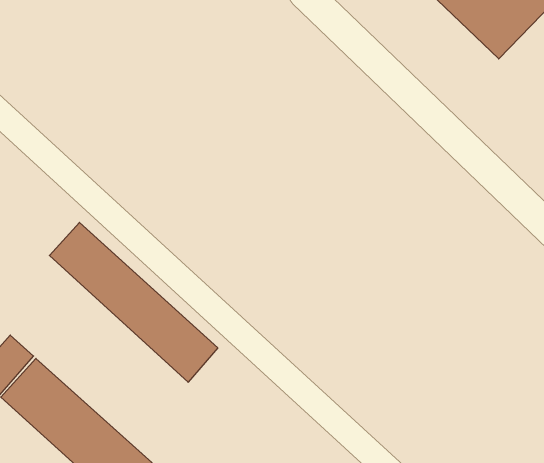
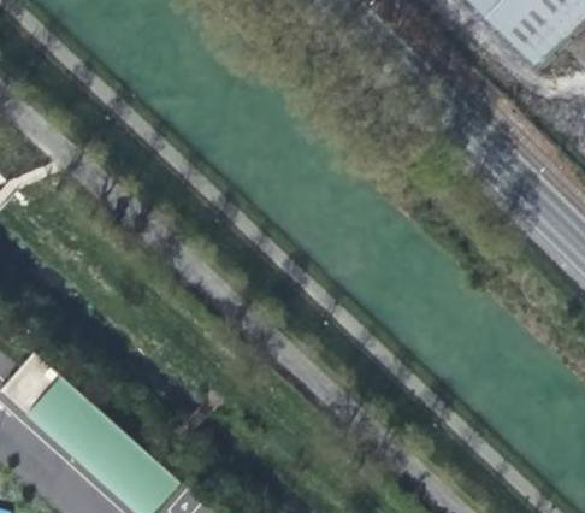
building: [49,222,218,382] -> none

